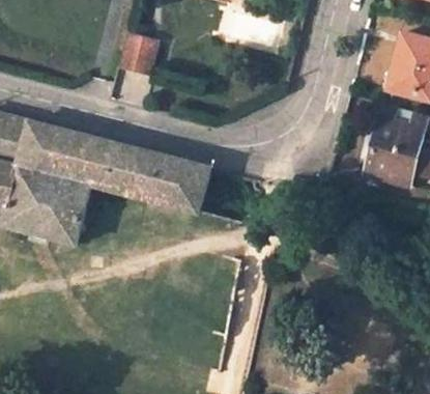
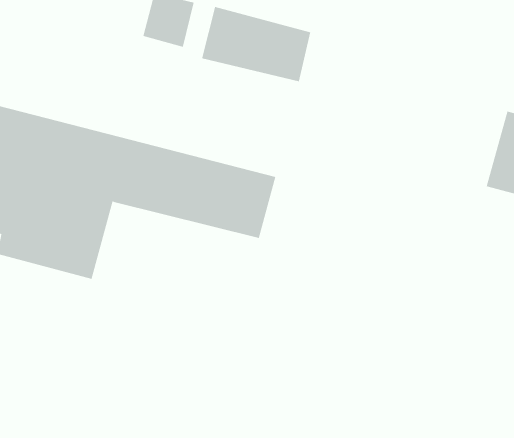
building: none -> [202,6,311,82]

